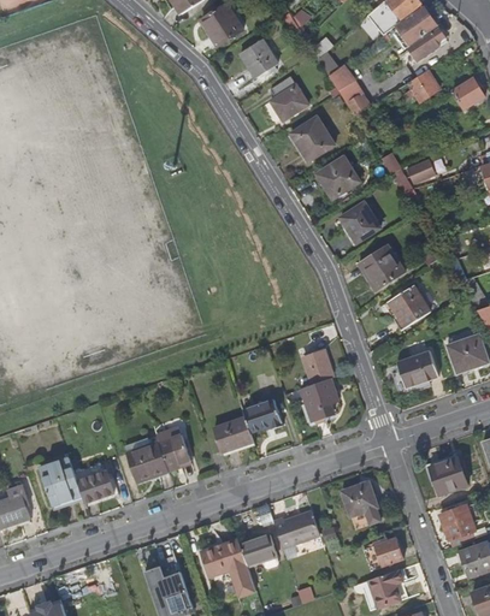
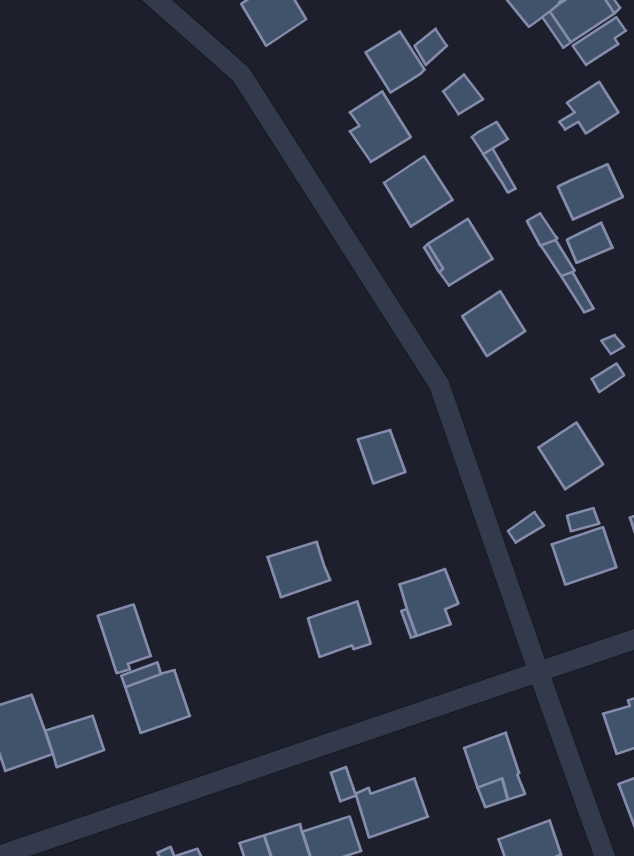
building: [240,40,277,78] -> [366,31,425,92]
building: none -> [558,164,623,220]
building: [358,244,405,290] -> none
building: [303,350,333,384] -> [358,430,405,483]
building: [214,417,254,452] -> [267,542,330,597]
building: [157,427,190,470] -> [98,605,151,673]

